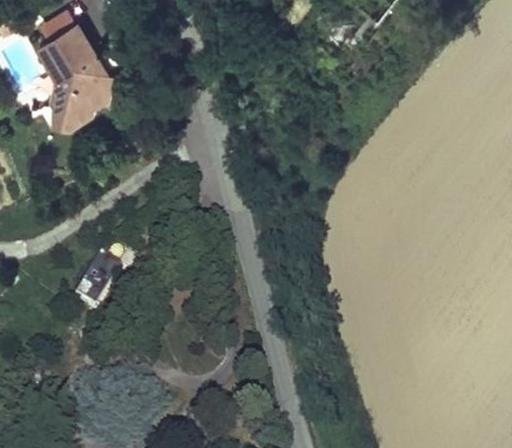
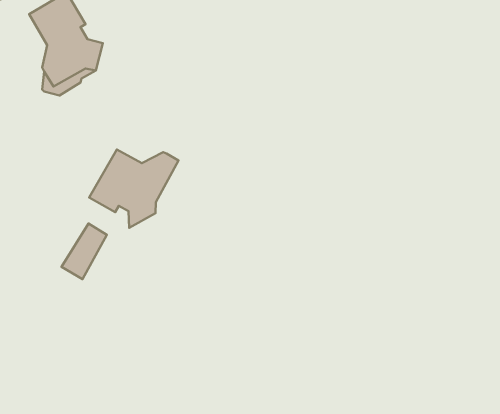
building: none -> [89,149,179,228]

